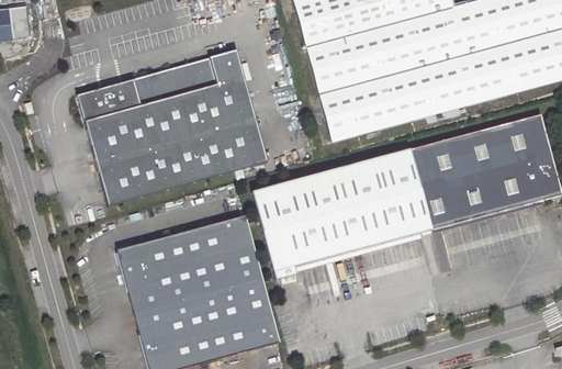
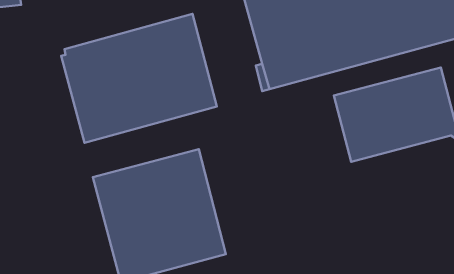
building: [251,149,430,279] -> none

